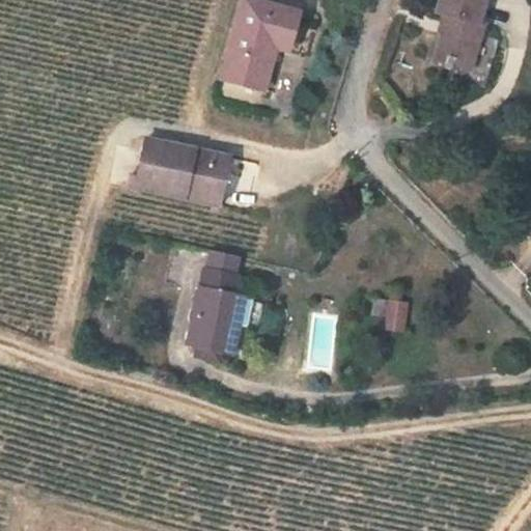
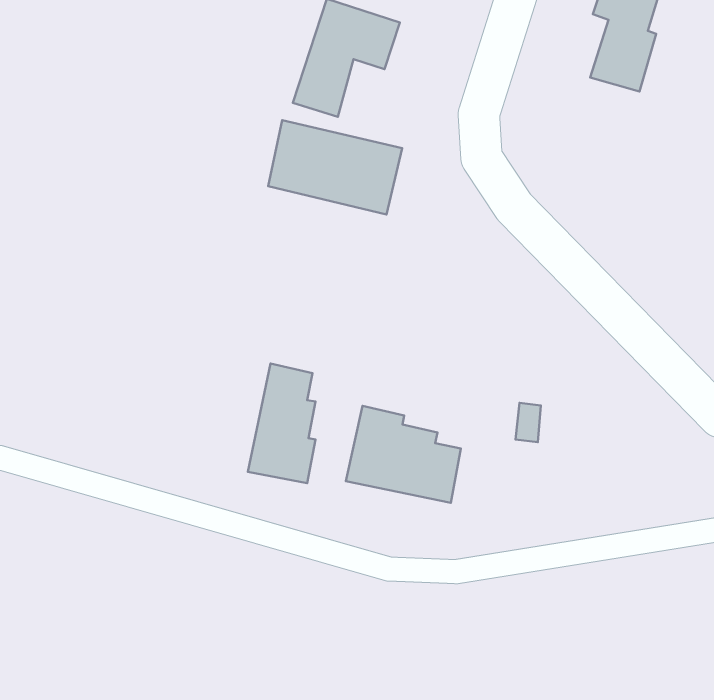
building: [122,136,221,205] -> [268,120,402,214]
building: none -> [346,406,461,503]

